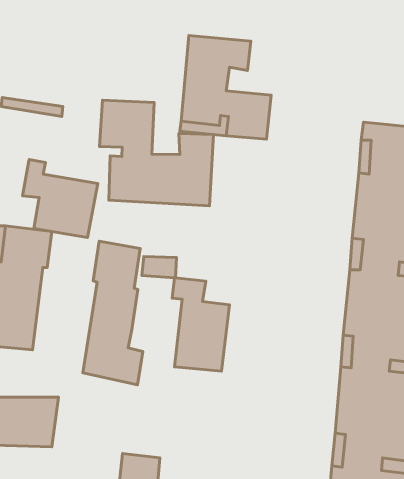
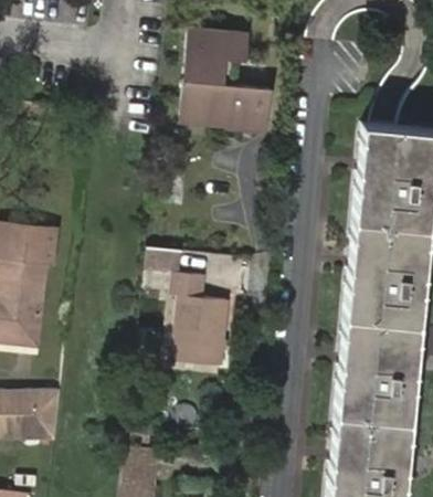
building: [99,100,213,206] -> none
building: [23,160,98,238] -> none
building: [83,241,143,385] -> none

